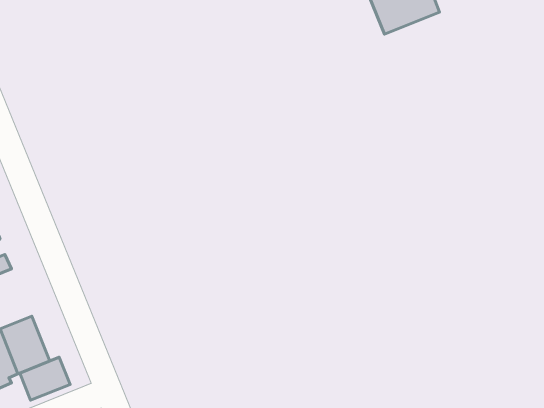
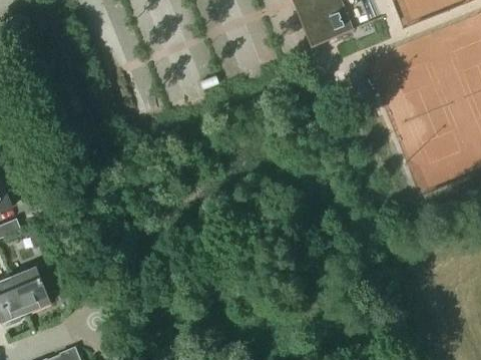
building: [20,357,70,400] -> none

